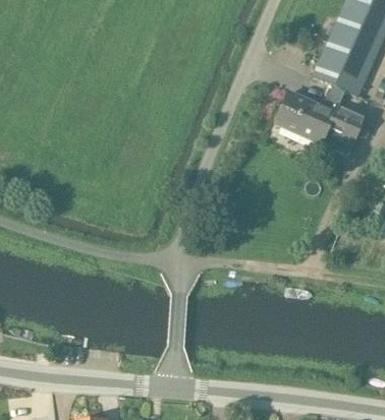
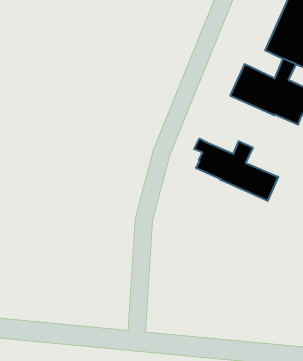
building: none -> [194,139,278,201]

